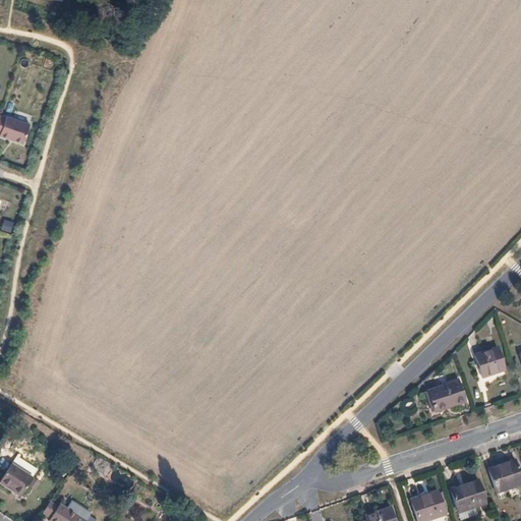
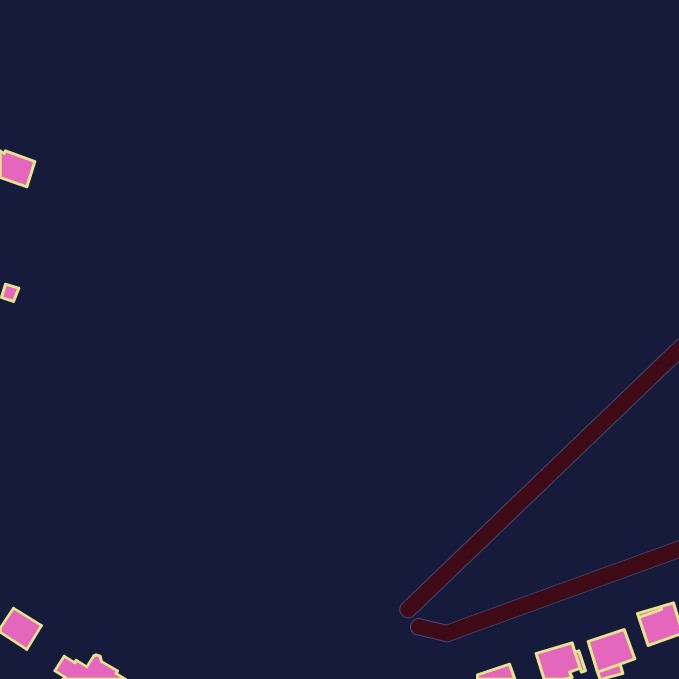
building: [475,347,506,377] -> none
building: [428,381,466,410] -> none

